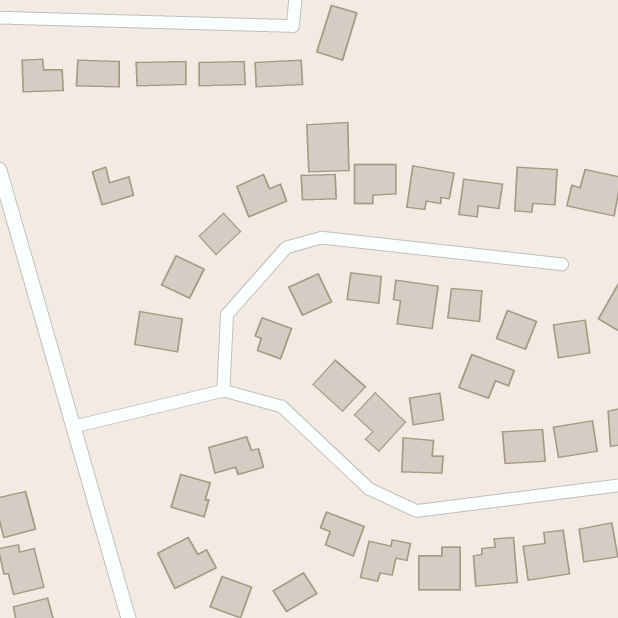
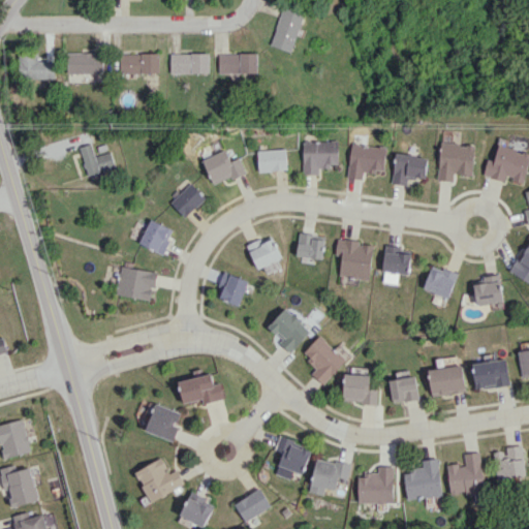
building: [307,122,349,172] -> none
building: [459,355,514,398] -> none
building: [409,393,443,425] -> [390,376,418,403]

